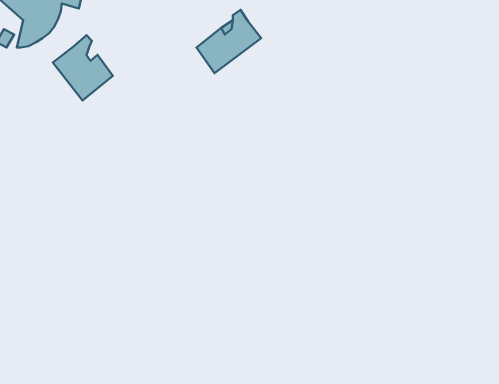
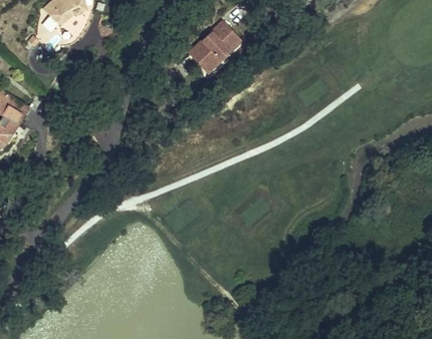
building: [53,35,113,100] -> none

